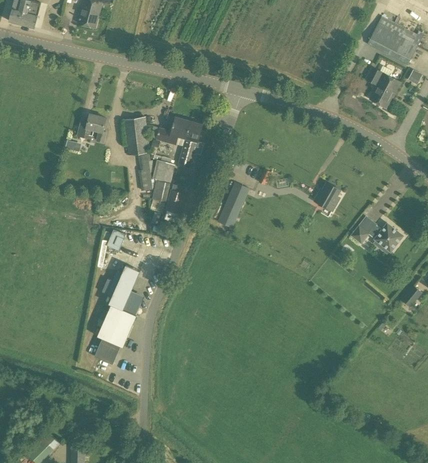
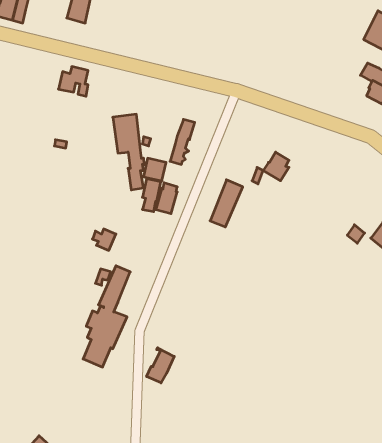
building: [76,114,105,143] -> [58,67,88,96]
building: [149,115,191,146] -> none
building: [314,182,339,210] -> [263,152,289,181]
building: none -> [147,348,174,383]

